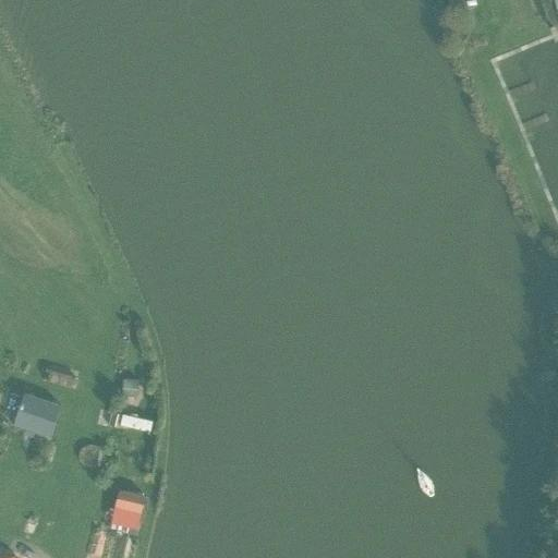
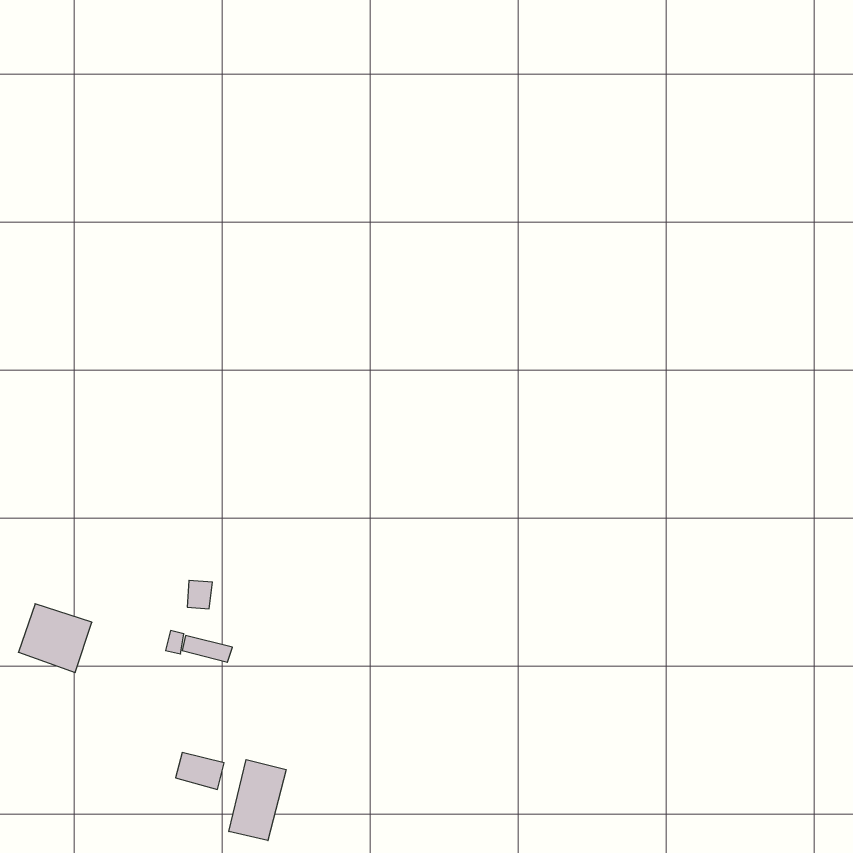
building: none -> [229,760,286,841]

